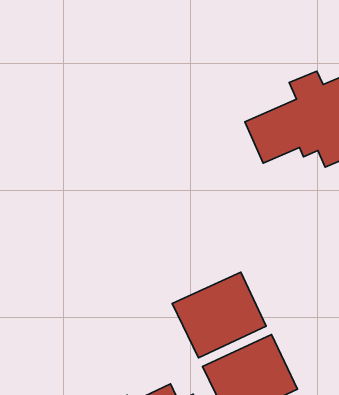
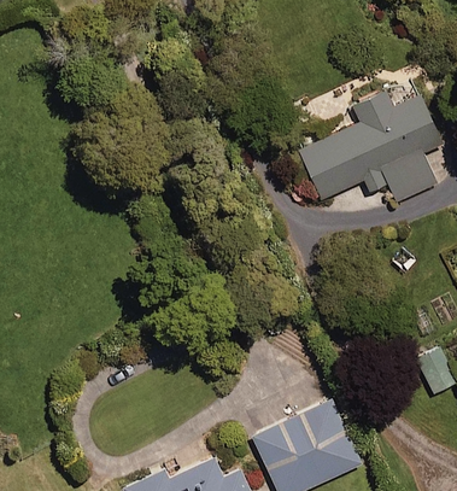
building: [172,272,266,358] -> none

